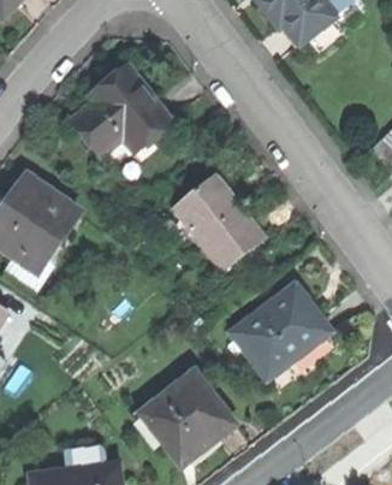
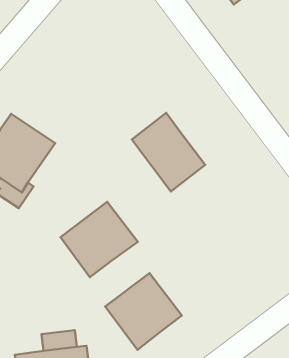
building: [69,61,174,156] -> none
building: none -> [60,202,138,277]
building: [233,288,328,379] -> none

